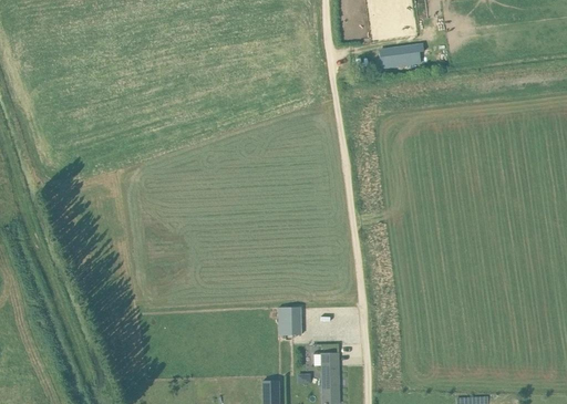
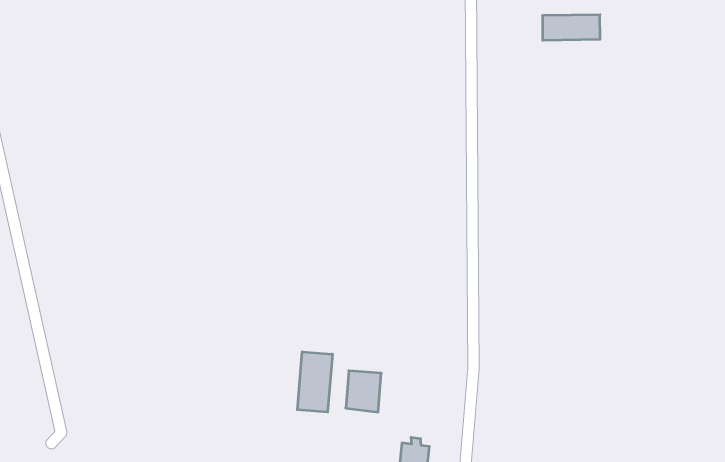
building: none -> [297,352,332,412]

